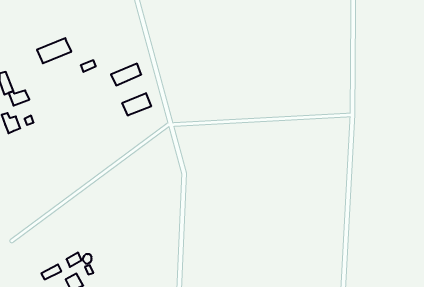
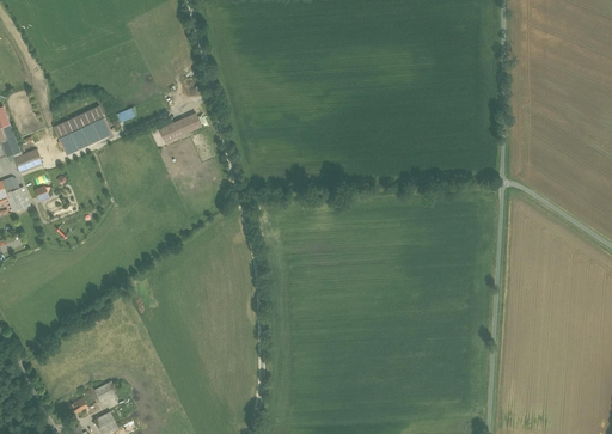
building: [37,38,71,63] -> [59,116,108,152]
building: [122,93,151,116] -> none

